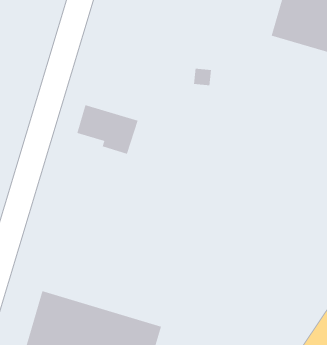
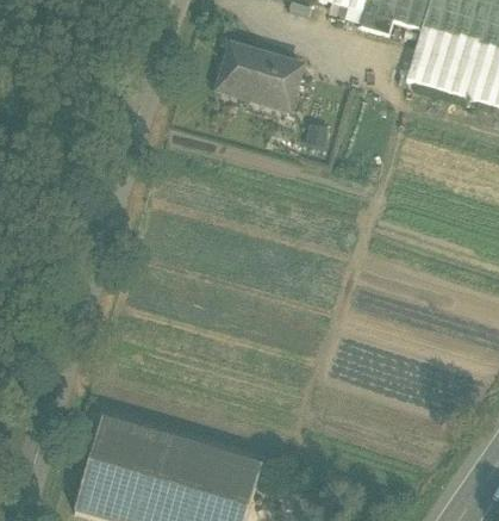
building: [77,105,138,155] -> [219,45,301,112]

